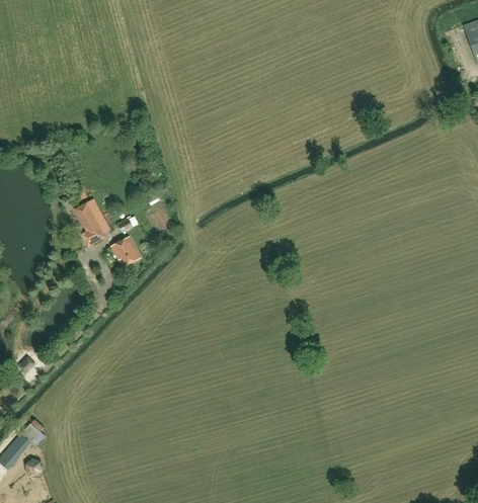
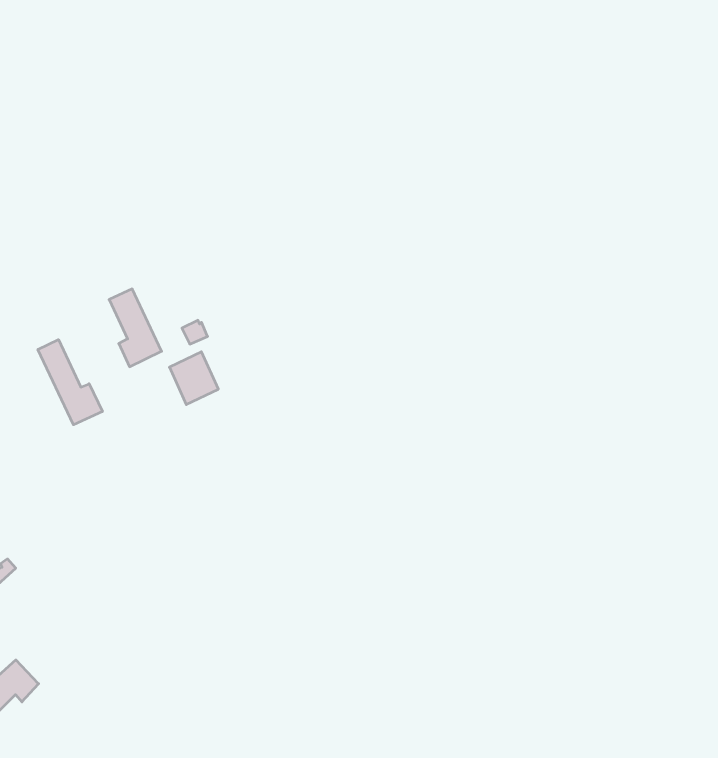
building: none -> [38,340,102,425]

